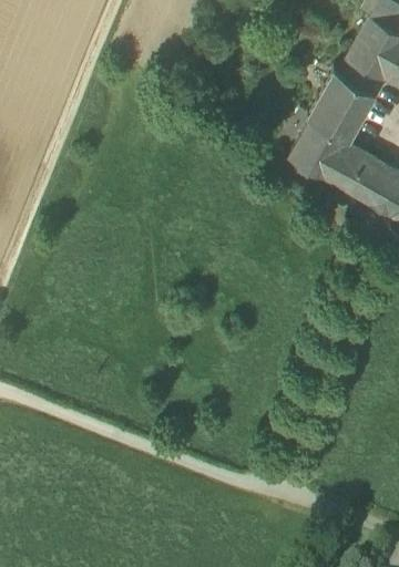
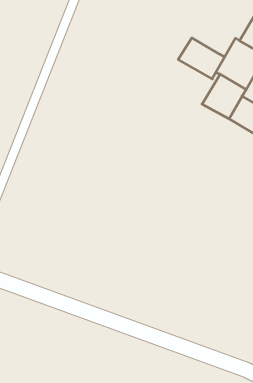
building: none -> [178,38,225,79]

